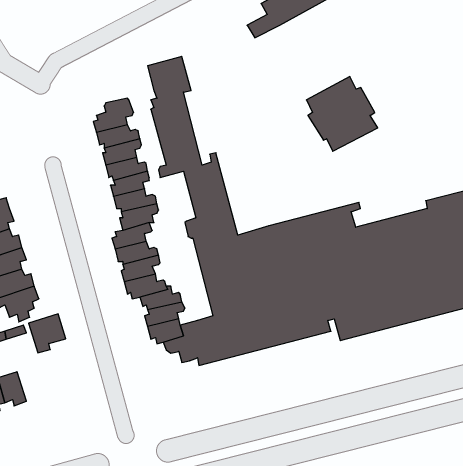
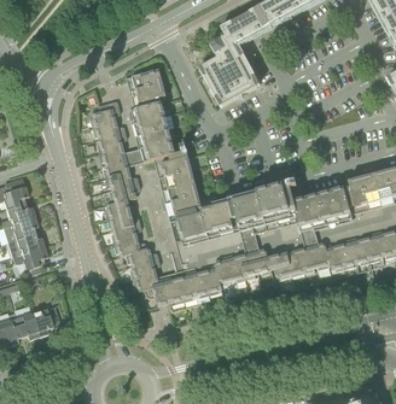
building: [306,77,378,151] -> [202,46,257,104]
building: [29,314,66,353] -> [30,305,59,335]

